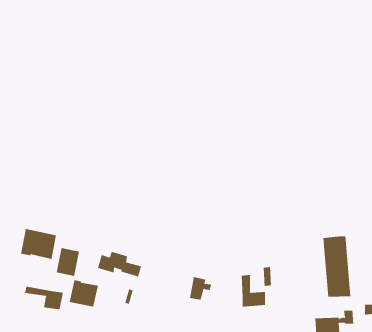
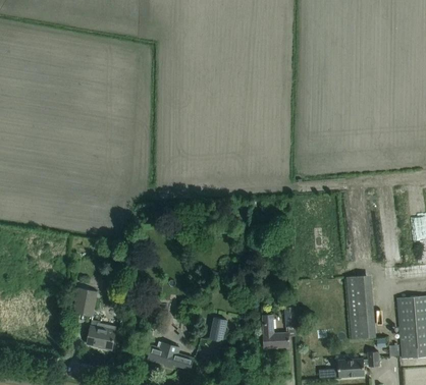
building: [20,228,56,260] -> none
building: [97,251,142,277] -> [148,343,194,370]
building: [25,286,64,310] -> none

